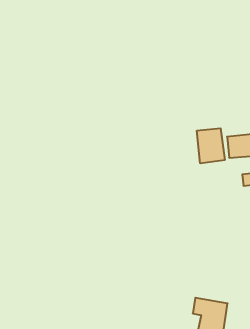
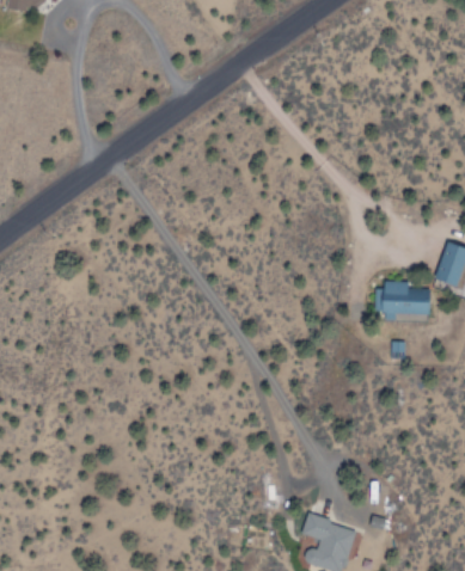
building: [197,128,225,163] -> none

